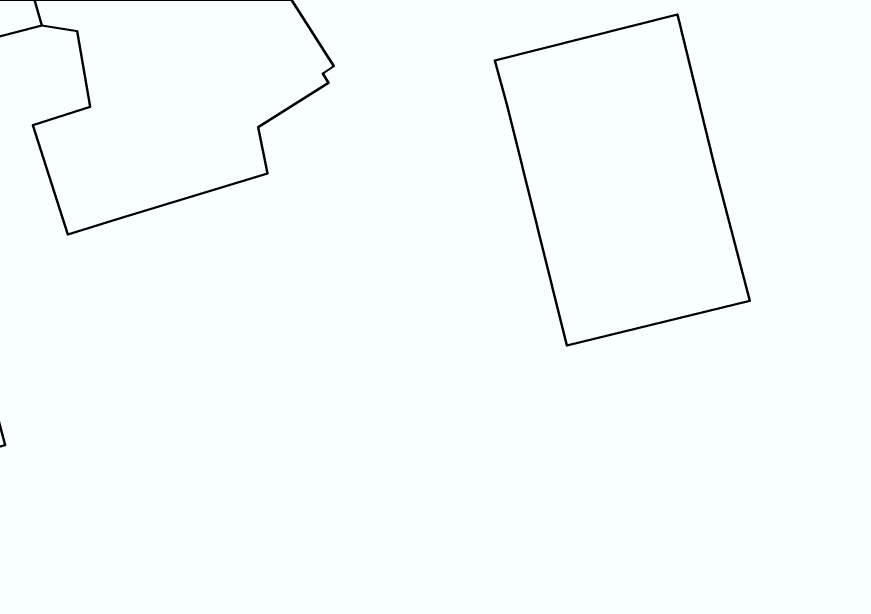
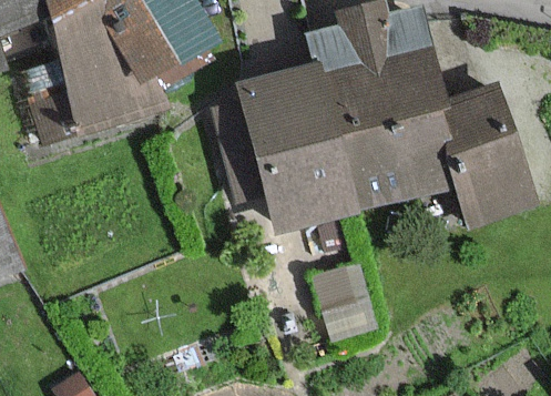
building: none -> [238,64,349,226]
building: none -> [438,85,526,217]

